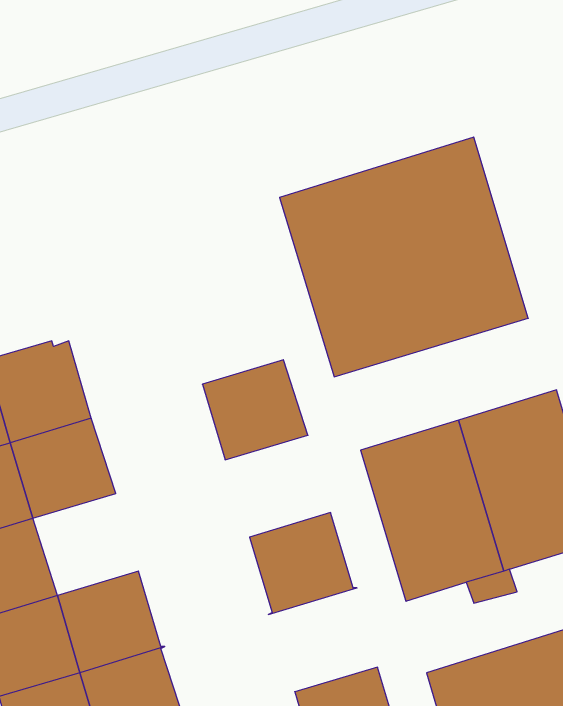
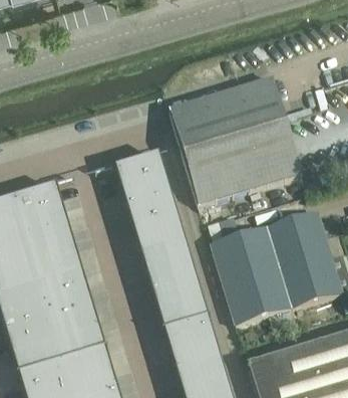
building: none -> [115,155,170,209]
building: none -> [139,236,196,290]
building: none -> [37,267,93,322]
building: none -> [162,318,221,373]

